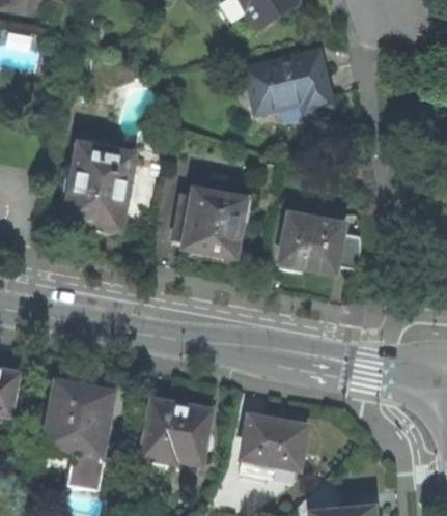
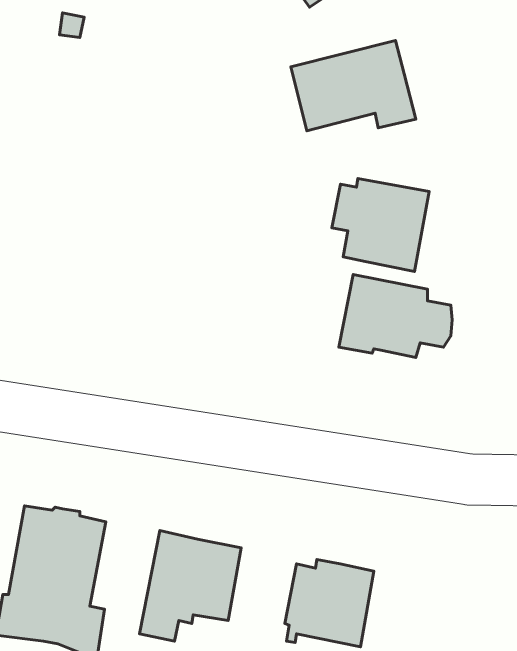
building: [65,143,135,232] -> none
building: [176,190,246,256] -> [332,178,429,272]

